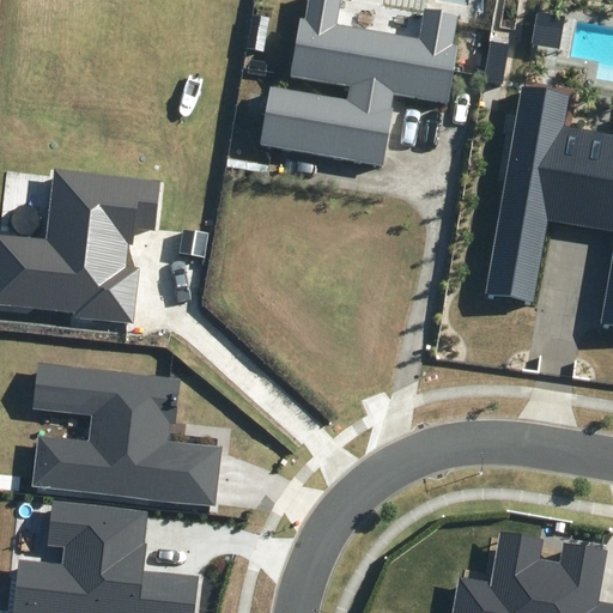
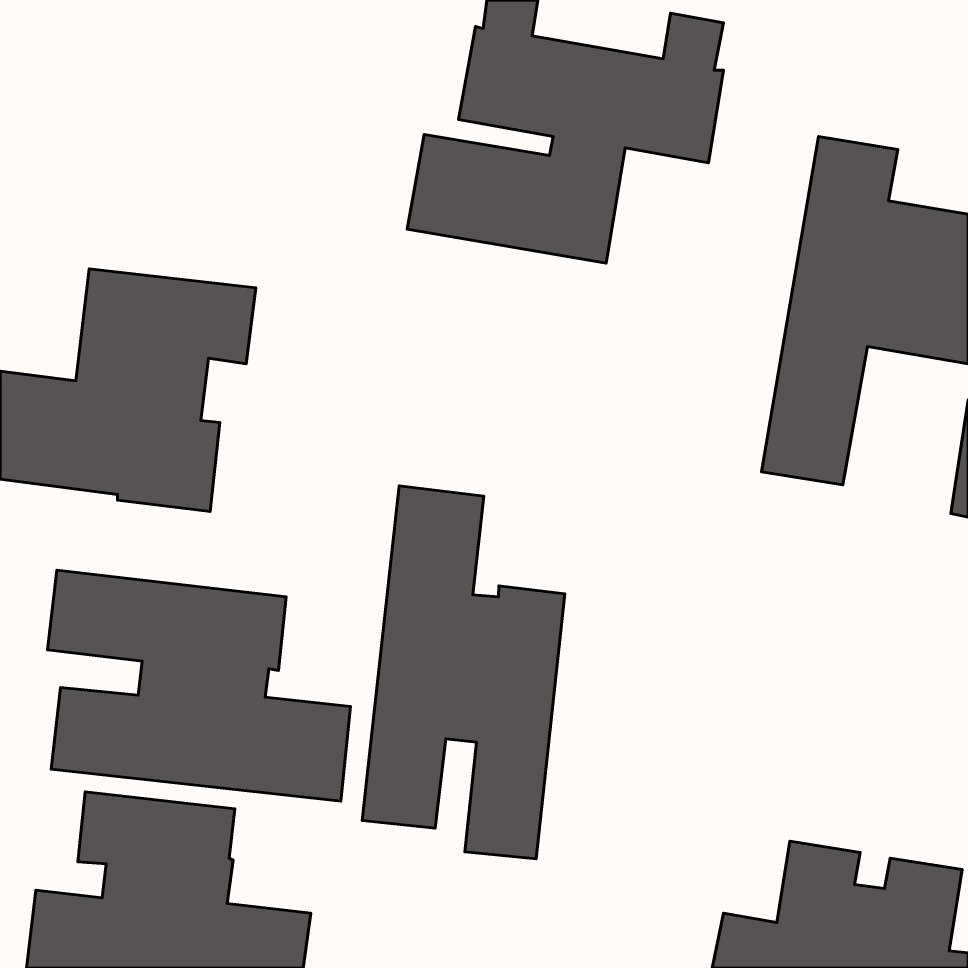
building: none -> [362,486,565,859]

